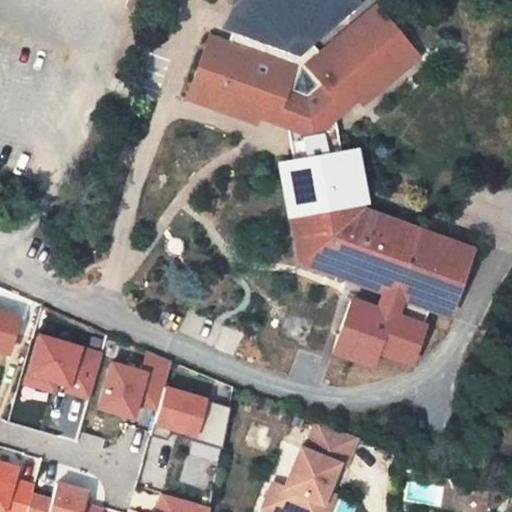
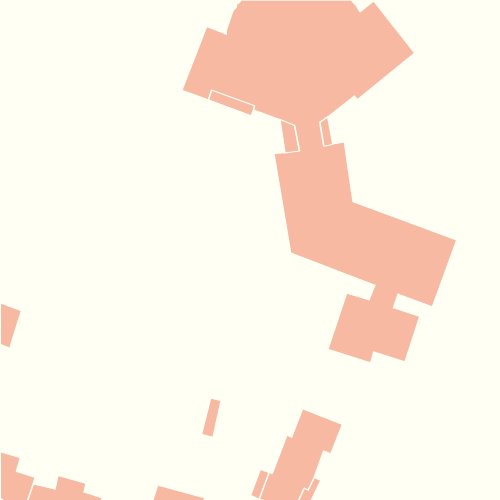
building: [26,335,103,401] -> none
building: [98,356,171,421] -> none
building: [158,388,208,439] -> none

